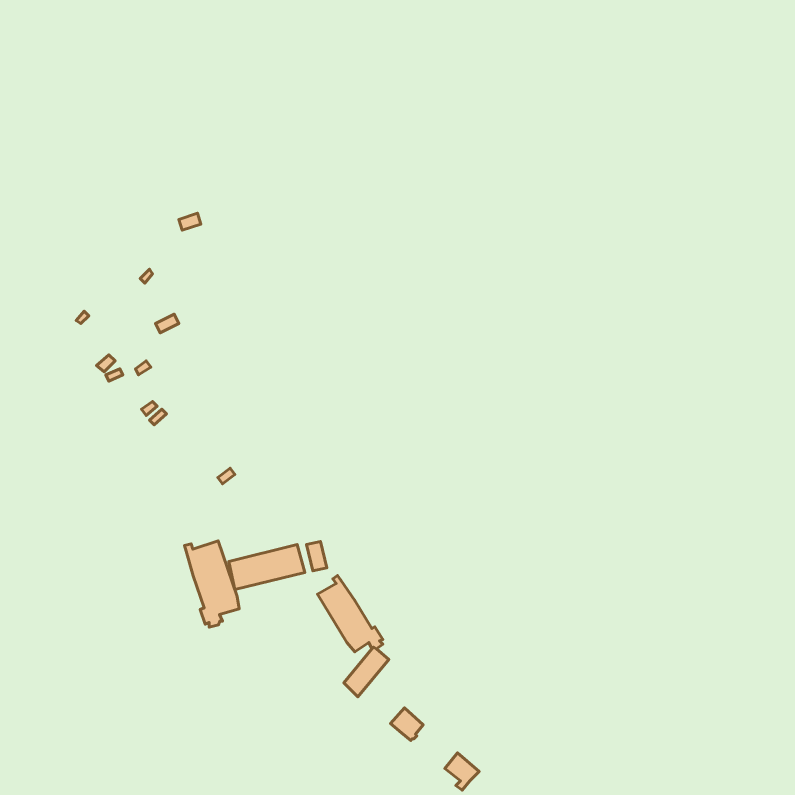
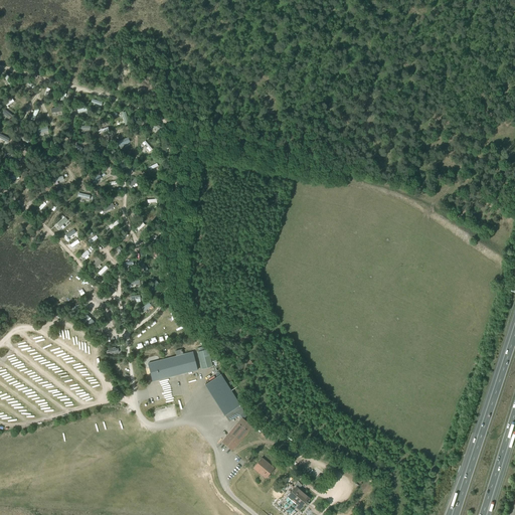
building: [185,541,239,627] -> none

